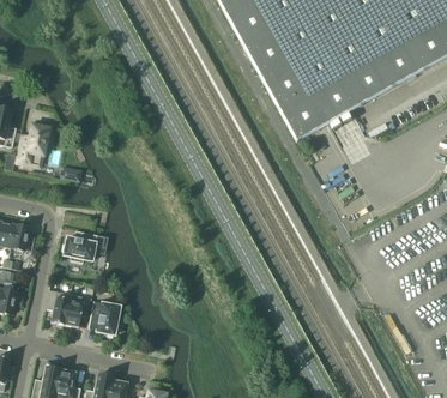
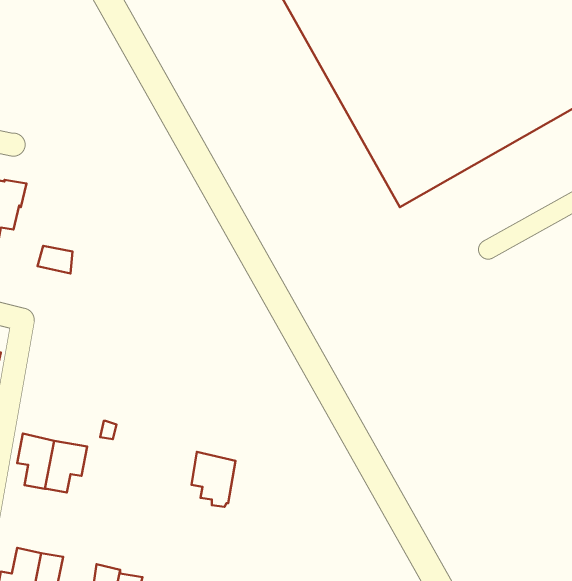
building: [62,229,97,261] -> none
building: [91,300,120,336] -> [191,452,236,507]

